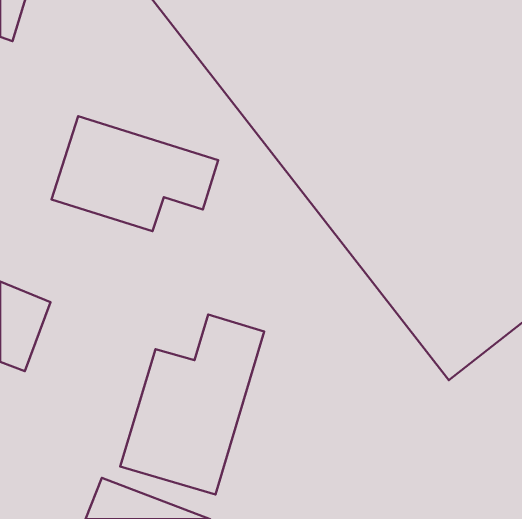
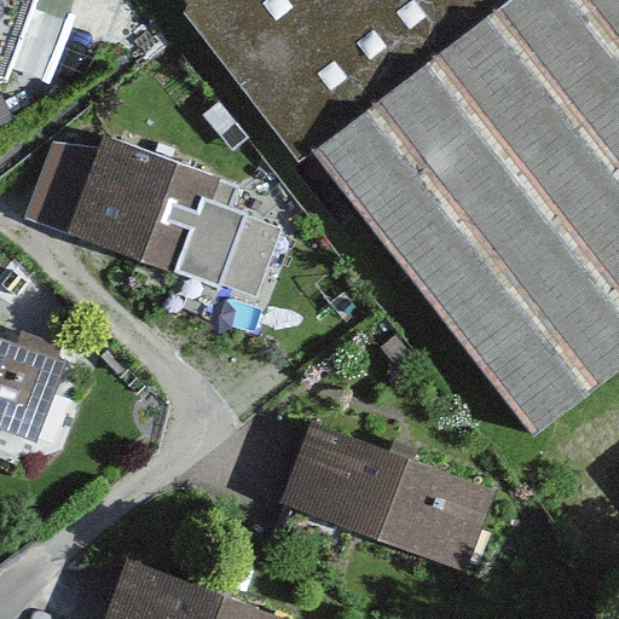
building: [120,315,264,494] -> none
building: none -> [288,430,499,567]

